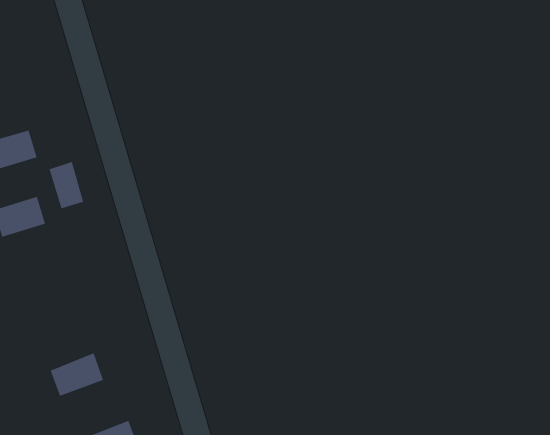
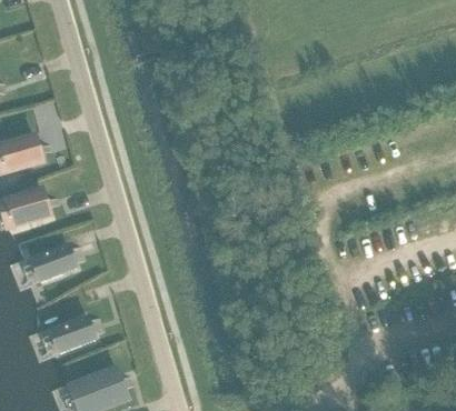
building: [49,161,84,209] -> none
building: none -> [29,243,73,279]

